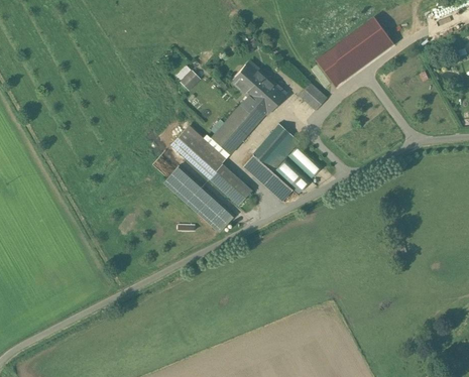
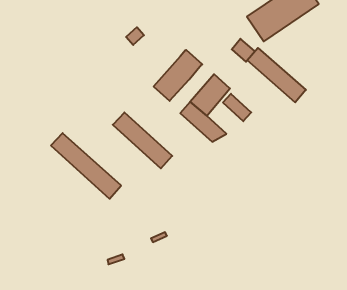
building: [231,60,284,113] -> none
building: none -> [247,48,306,102]
building: [170,129,250,204] -> [51,133,121,199]

